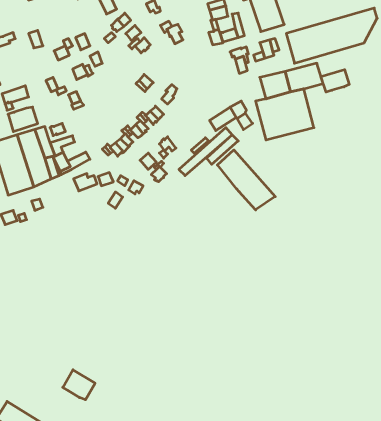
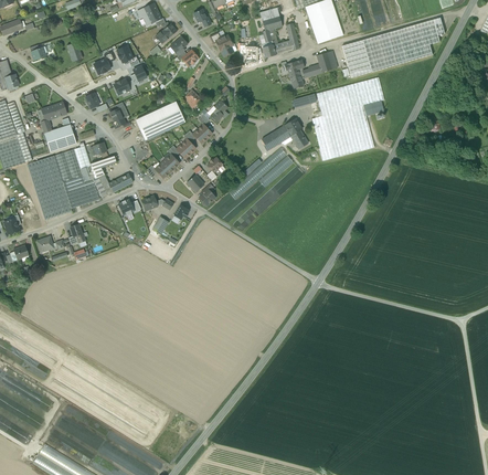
building: [321,70,349,92] -> none
building: none -> [136,102,184,140]
building: [217,150,275,210] -> none
building: [63,370,95,400] -> none

